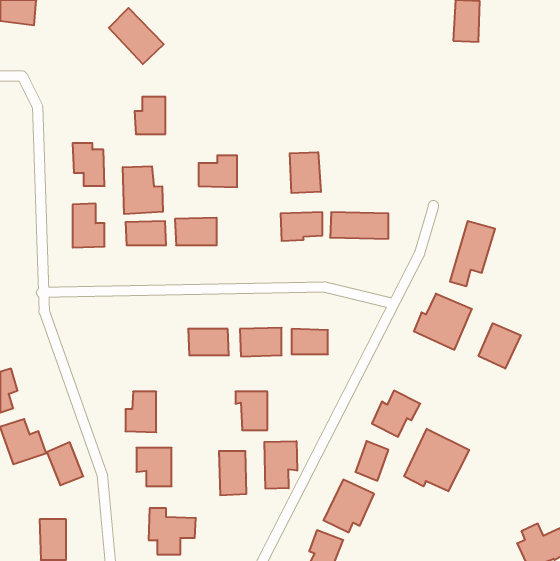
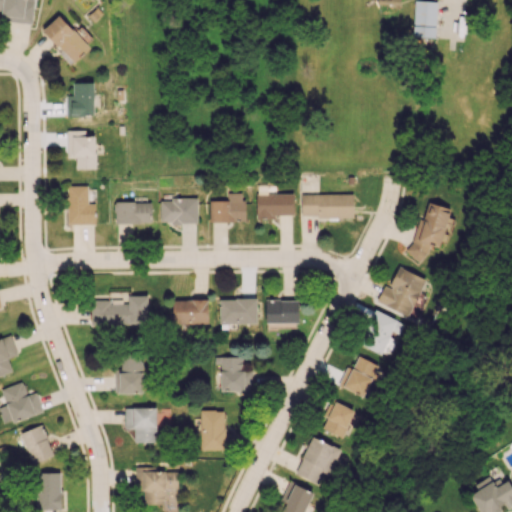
building: [109,8,164,64] -> [42,15,92,66]
building: [135,97,165,134] -> [67,83,95,117]
building: [290,152,321,193] -> none
building: [199,155,237,187] -> [211,194,246,223]
building: [123,166,163,214] -> none
building: [479,323,521,369] -> none
building: none -> [92,296,149,326]
building: none -> [360,310,406,355]
building: [404,429,469,491] -> none
building: [264,441,297,489] -> none
building: [47,442,83,485] -> [22,425,55,464]

